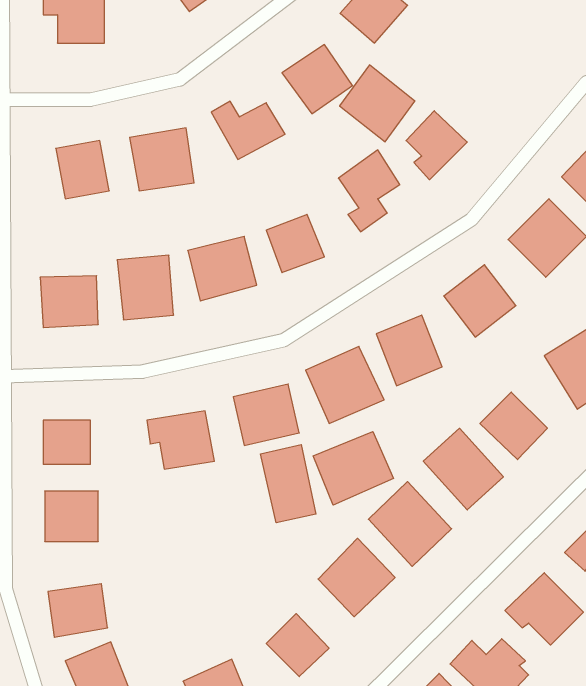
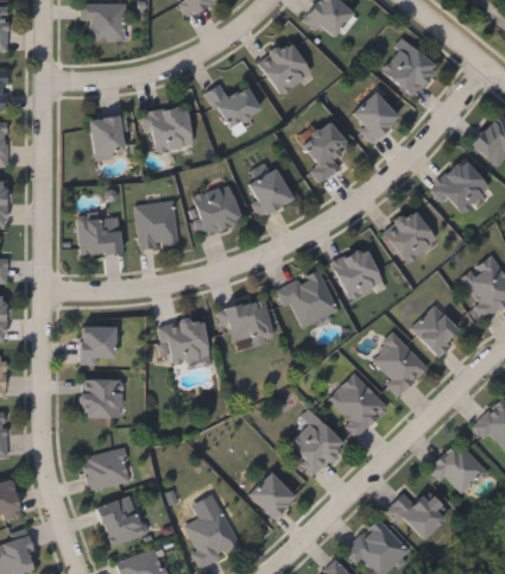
building: [340,65,415,142] -> [381,38,438,96]
building: [313,432,393,505] -> none
building: [261,445,316,523] -> none

